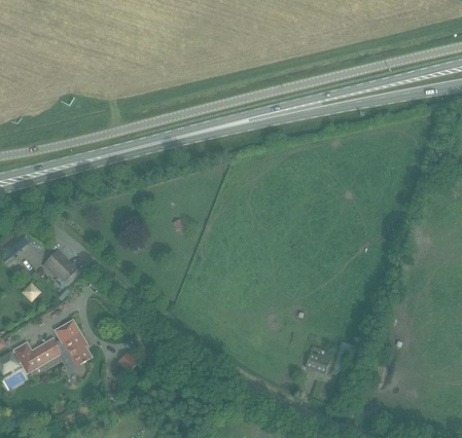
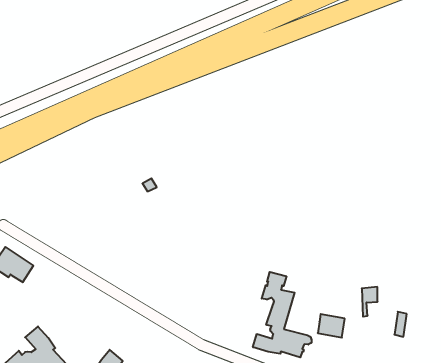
building: none -> [253,272,311,357]

